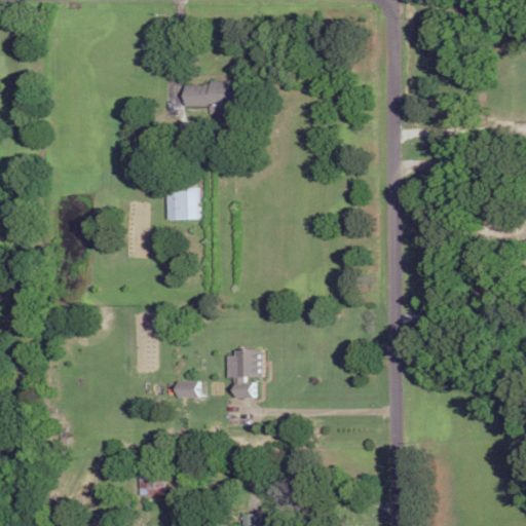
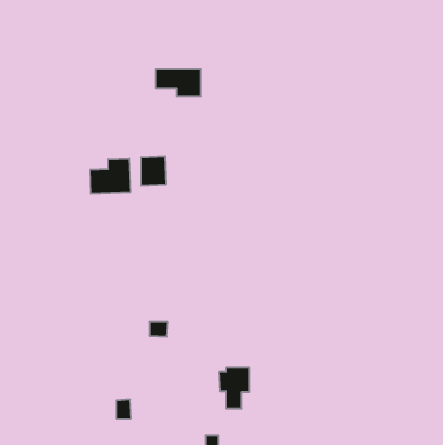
building: none -> [90,158,130,194]
building: [226,349,262,398] -> [219,368,249,409]

